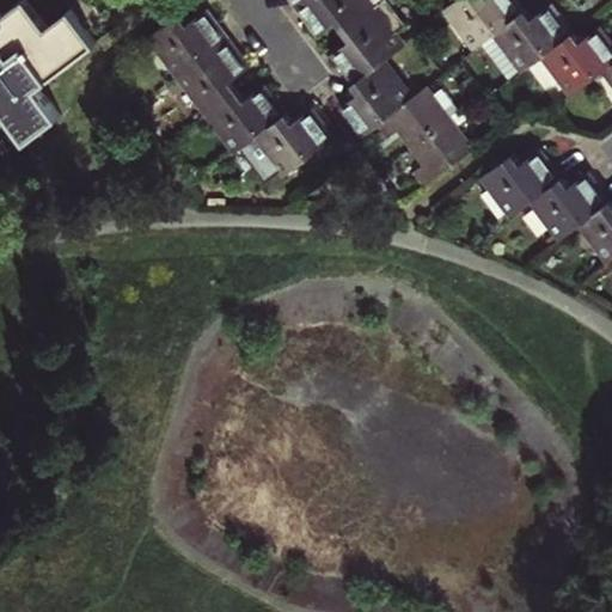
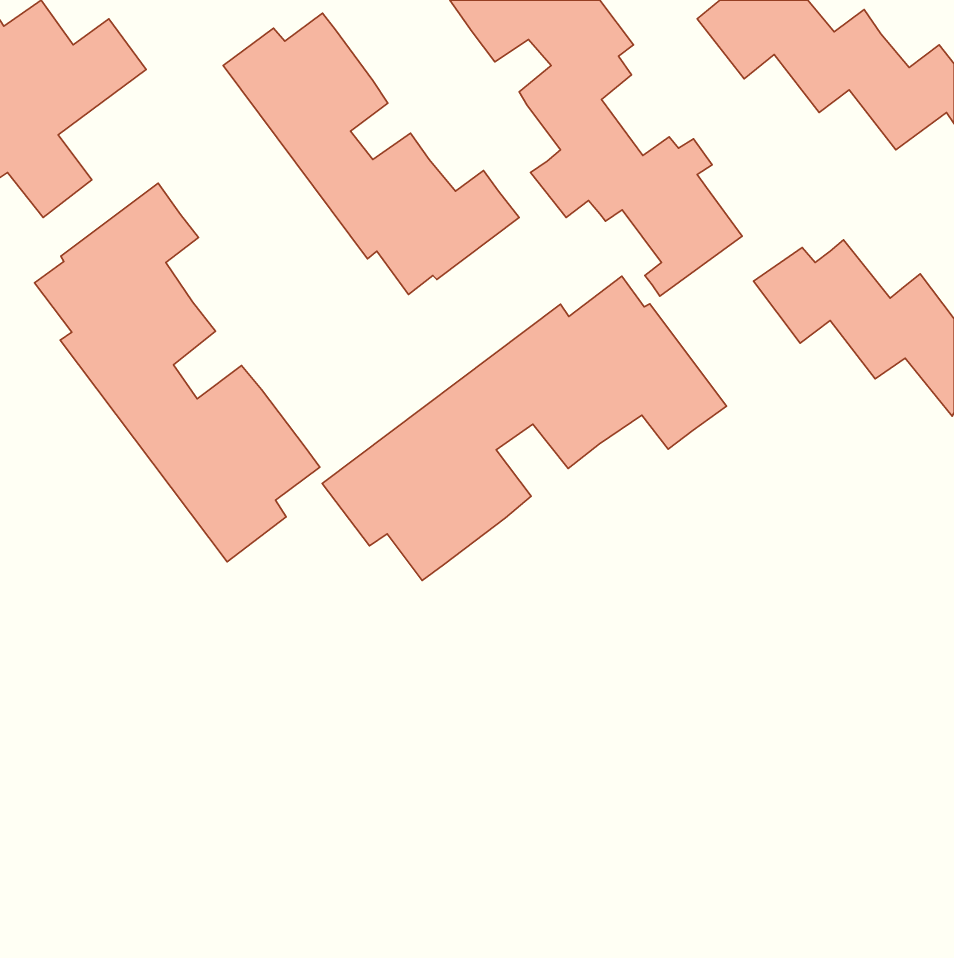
building: none -> [35,183,320,562]
building: none -> [322,276,727,580]

